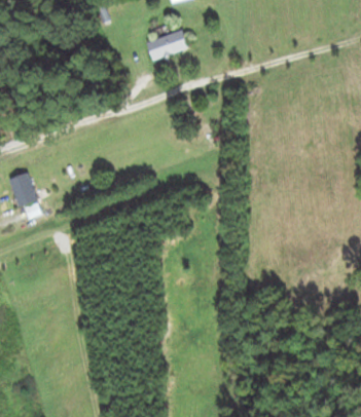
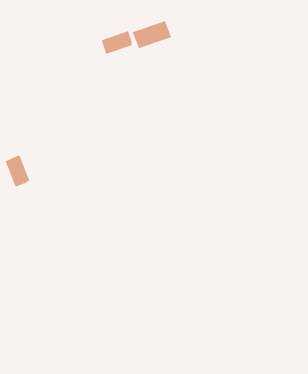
building: none -> [101,30,133,55]

